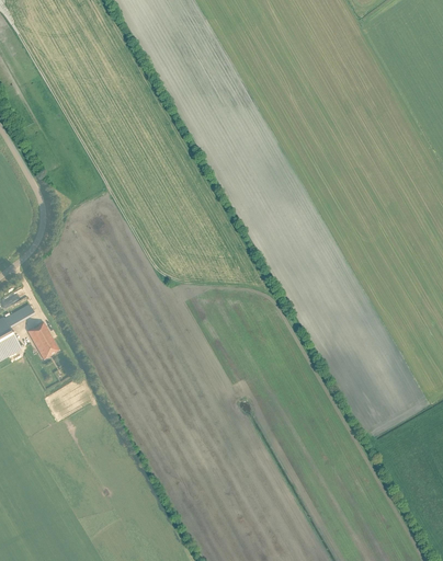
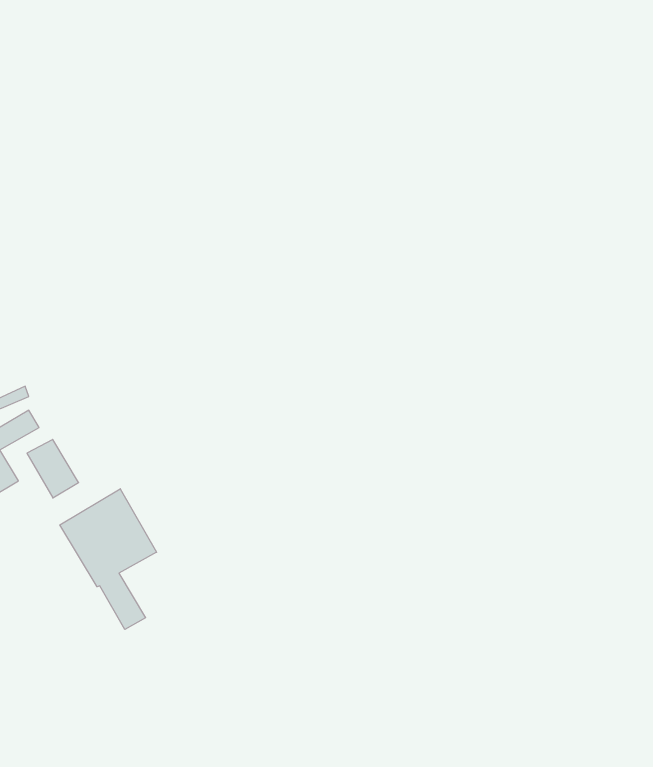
building: none -> [60,489,157,629]

